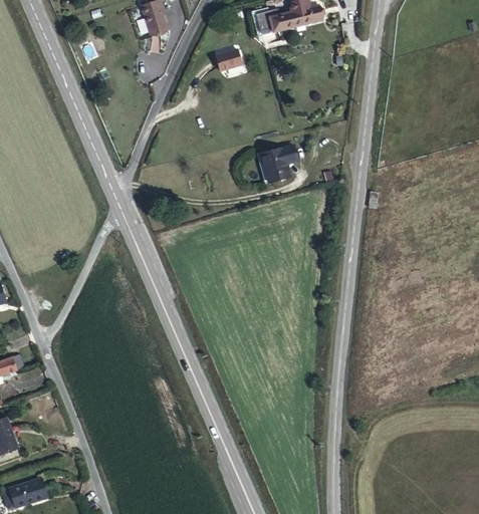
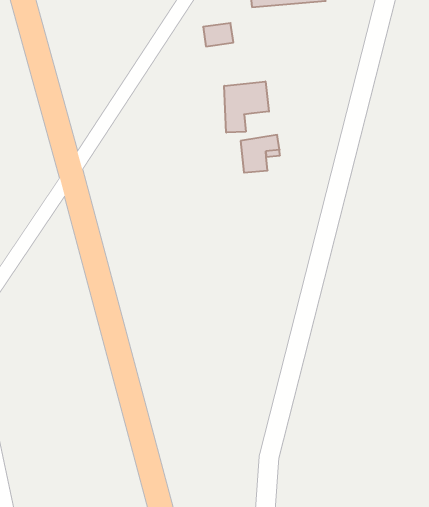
building: none -> [224,81,269,133]

